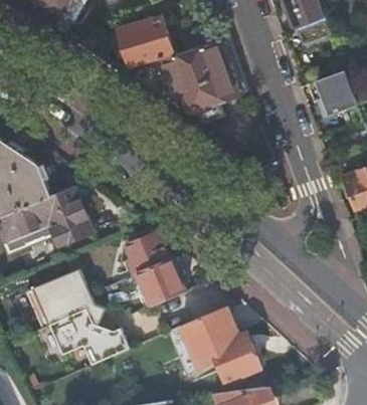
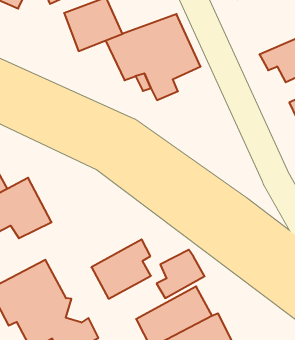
building: [119,233,166,278] -> [157,250,205,298]

